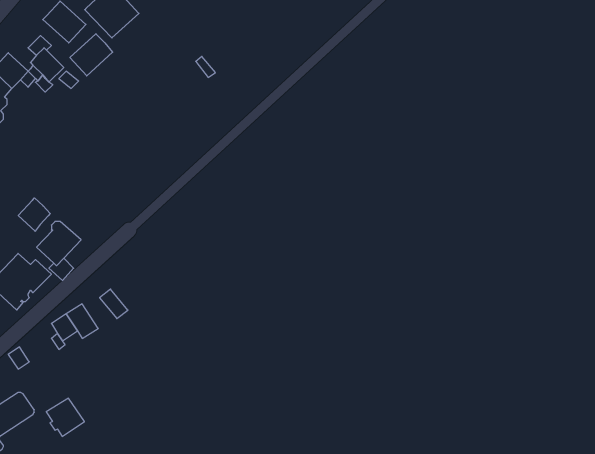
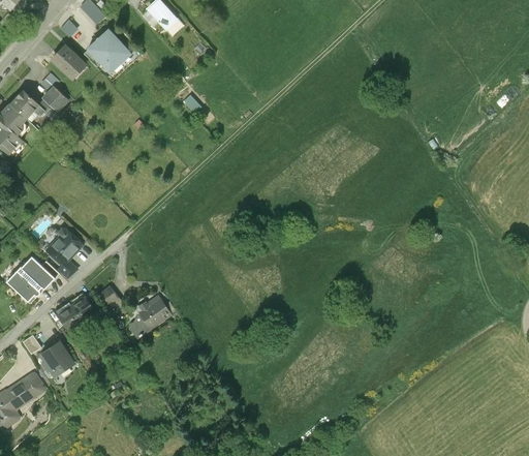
building: [70,34,113,76] -> none
building: [18,198,50,231] -> none
building: none -> [128,295,169,338]
building: [46,398,84,436] -> [40,341,72,373]

